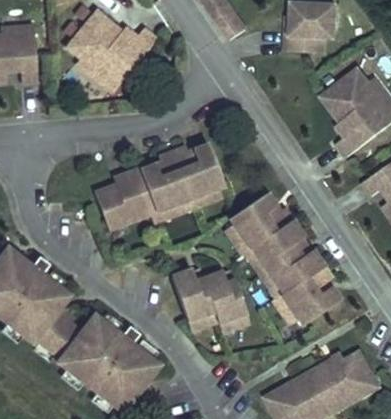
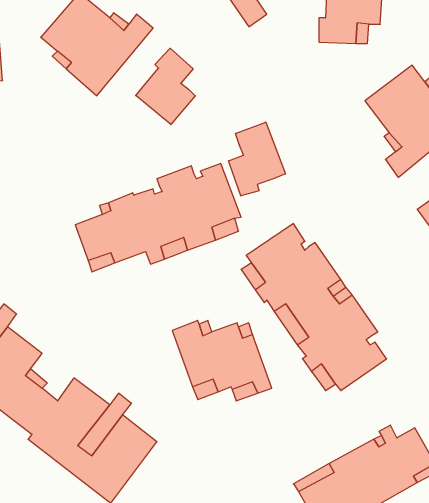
building: none -> [136,48,195,125]
building: none -> [229,122,285,196]

